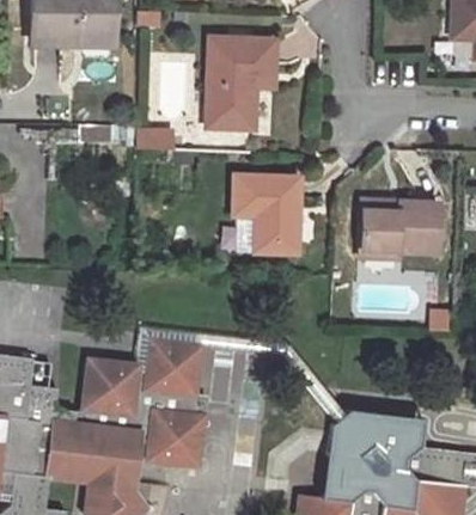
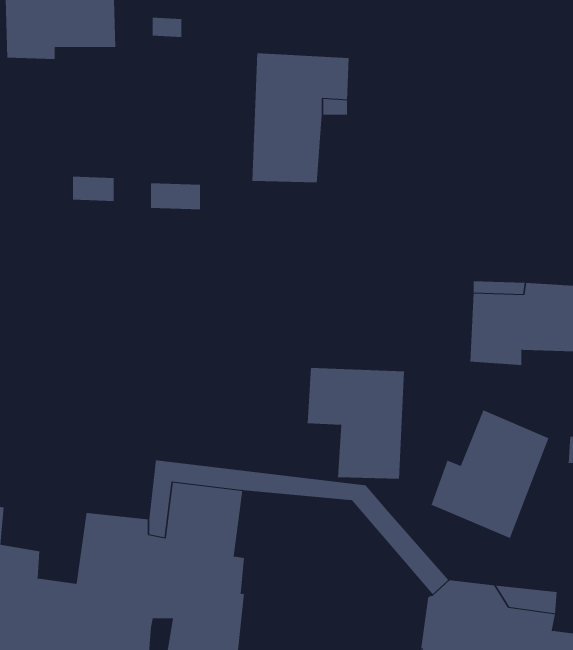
building: [233,174,303,253] -> [307,368,405,479]
building: none -> [431,410,549,539]

